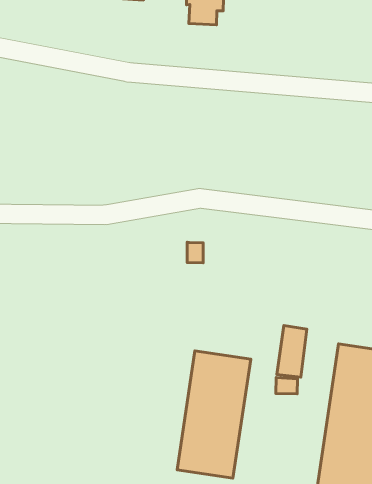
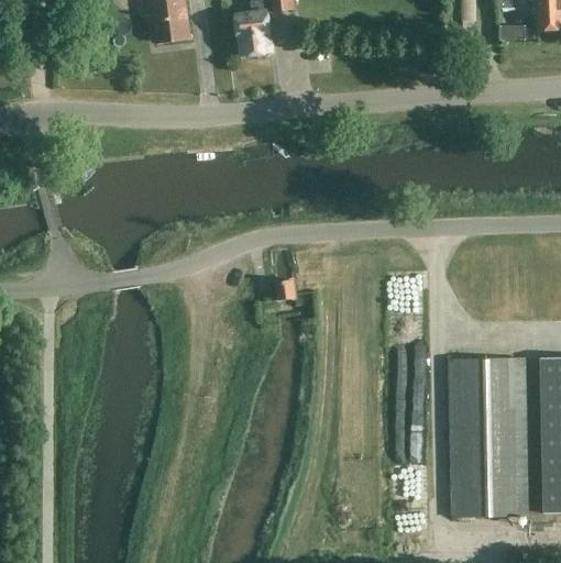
building: [177,351,251,478] -> none

